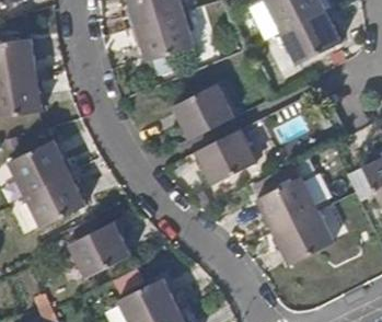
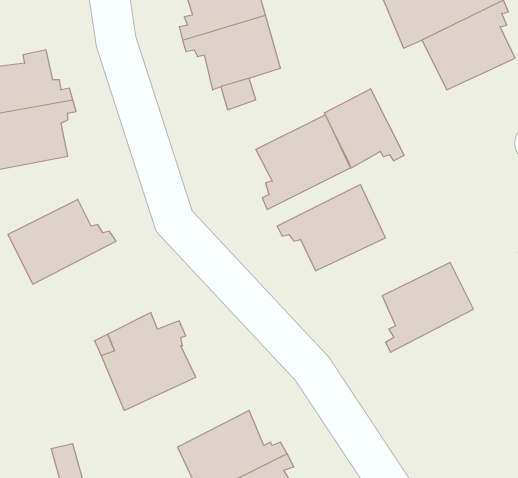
building: none -> [324,89,404,168]
building: [26,162,89,222] -> none
building: [262,207,334,264] -> none

